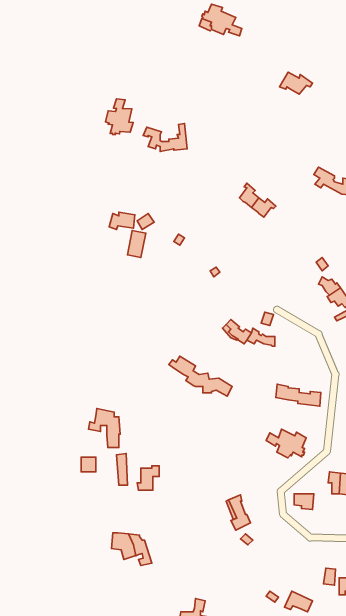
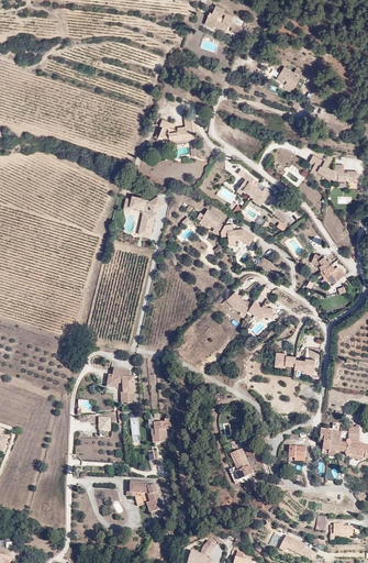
building: [105,99,133,134] -> none
building: [169,356,232,396] -> [198,208,255,244]
building: [266,429,306,458] -> none

